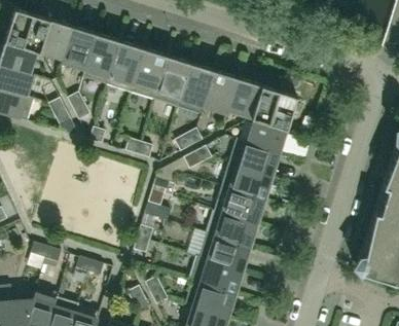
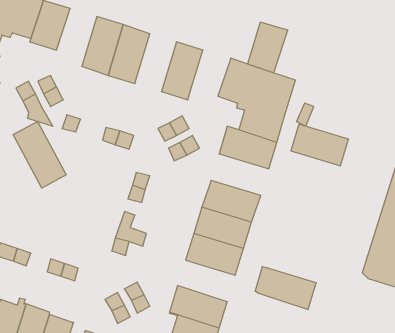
building: [82,34,120,85] -> none
building: [154,57,191,108] -> none
building: [204,71,240,116] -> [248,22,288,73]
building: none -> [13,121,66,188]
building: [222,164,274,201] -> [291,124,349,166]
building: [189,257,244,295] -> [255,267,316,309]

